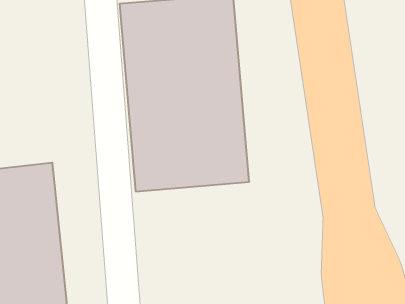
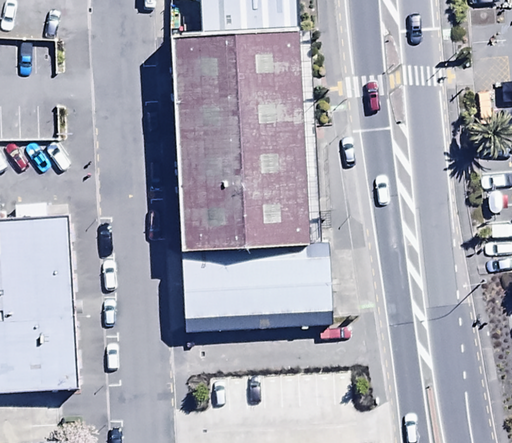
building: none -> [173,251,327,330]

